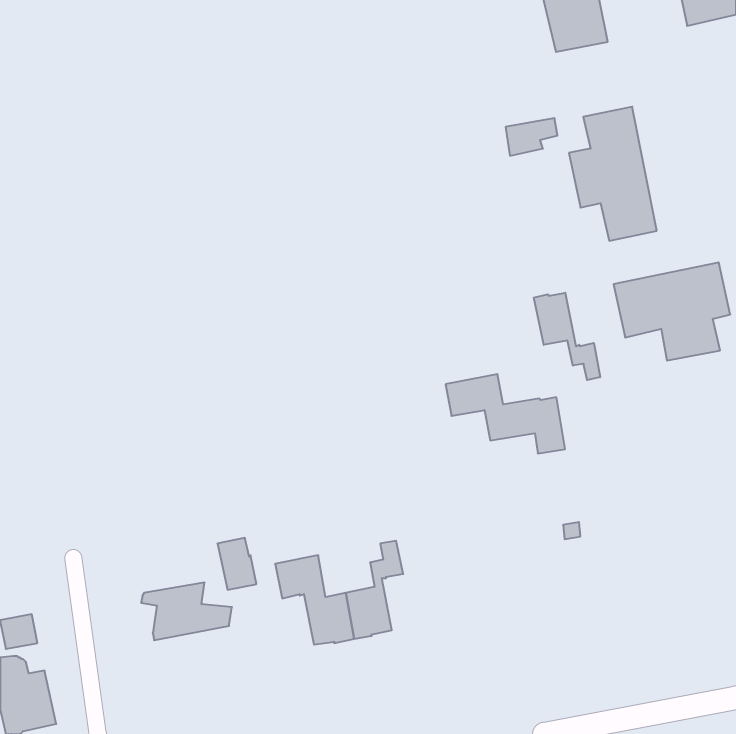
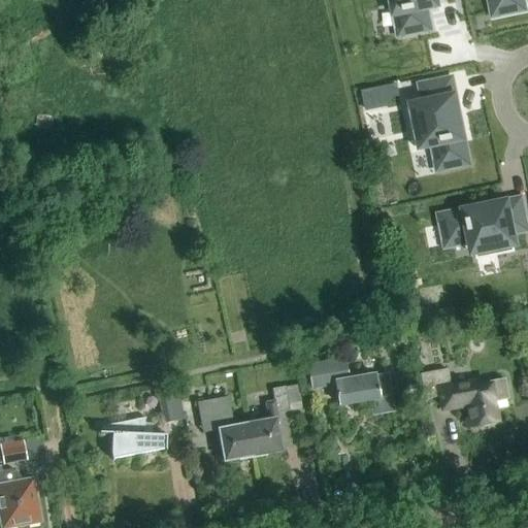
building: [534,293,600,380] -> none
building: [446,374,565,453] -> [307,358,393,415]
building: none -> [421,369,507,427]

